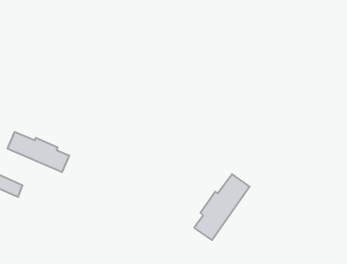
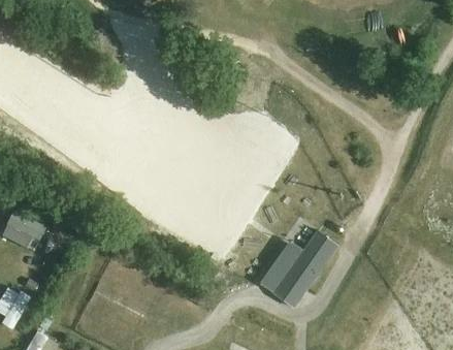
building: [8,132,69,172] -> none

